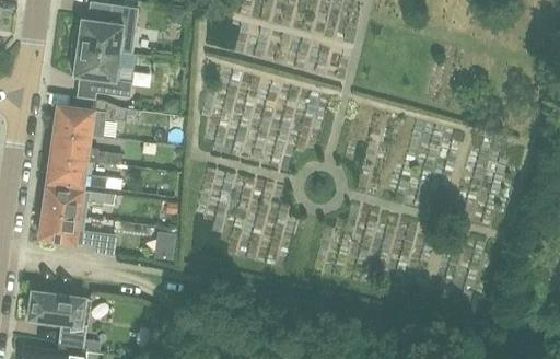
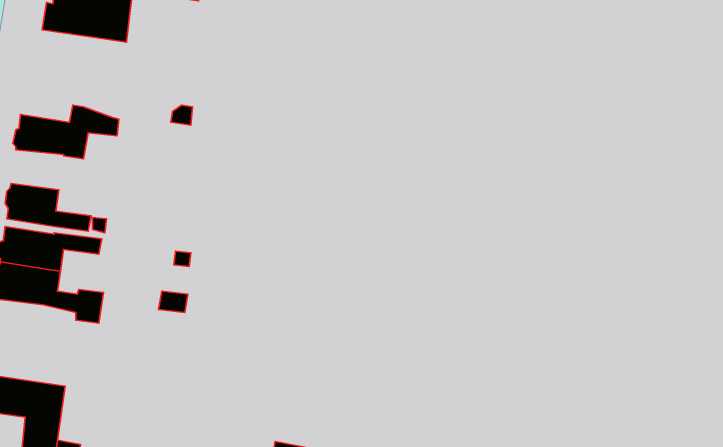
building: [71,46,132,99] -> none
building: [50,131,121,165] -> none

